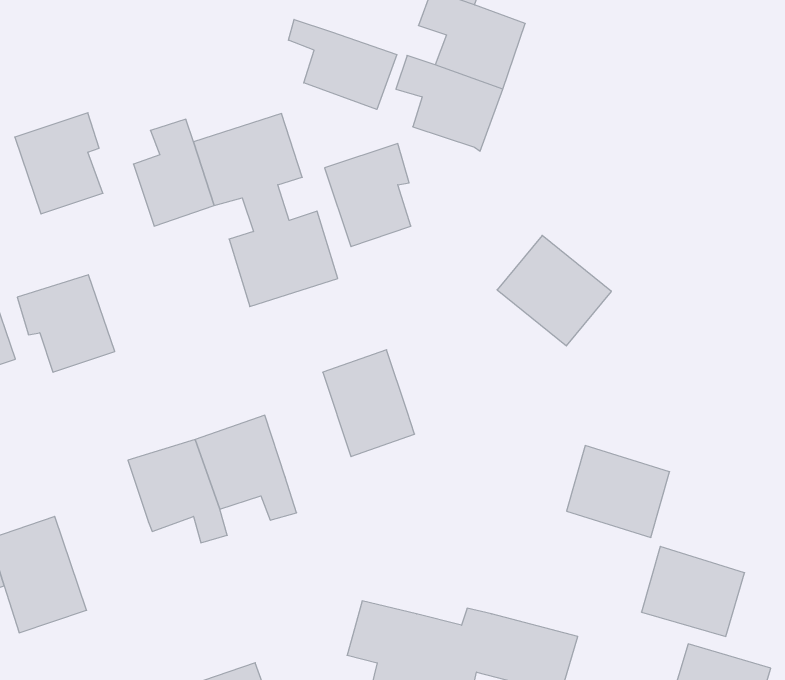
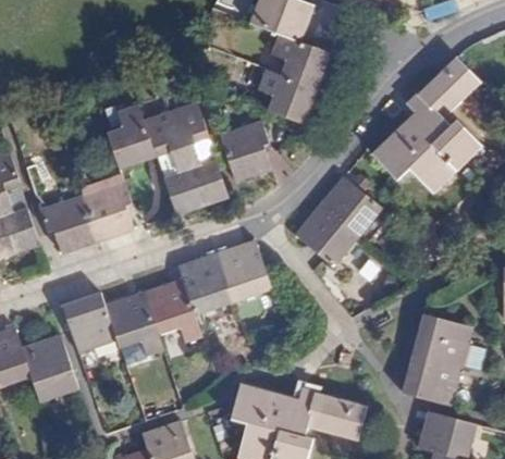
building: [288,19,397,109] -> none
building: none -> [371,58,478,190]
building: [15,113,103,214] -> [81,182,132,240]
building: none -> [293,204,358,269]
building: none -> [178,252,233,313]
building: none -> [61,291,115,352]
building: [567,446,670,537] -> [412,315,472,369]

